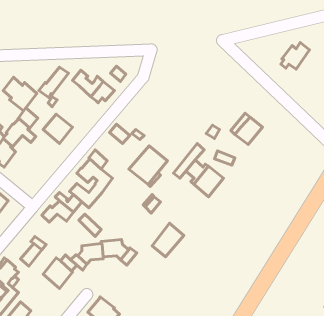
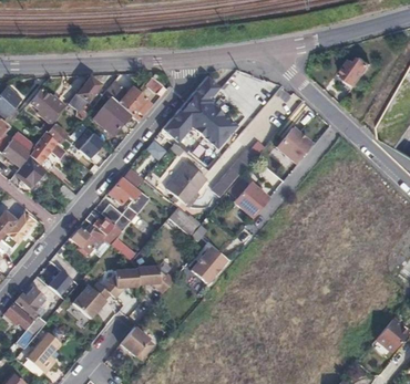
building: none -> [163,76,238,149]
building: none -> [94,97,131,134]

